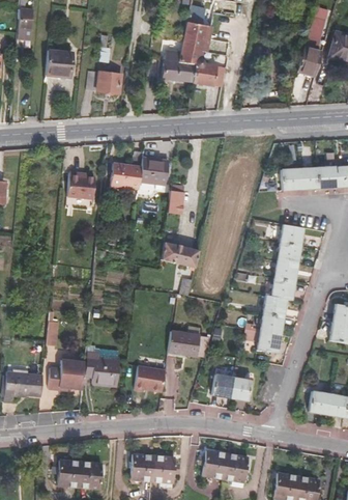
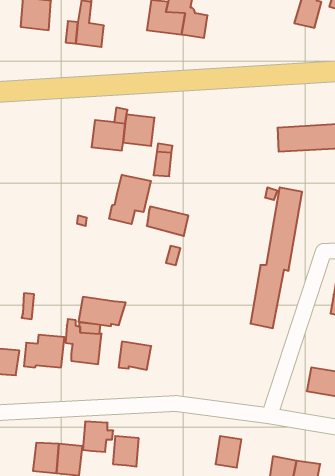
building: [66,171,94,199] -> none
building: none -> [109,175,151,224]
building: [167,330,210,357] -> [78,297,126,326]
building: [211,373,252,401] -> none
building: [201,449,228,479] -> none
building: [151,455,179,483] -> [83,422,113,452]

